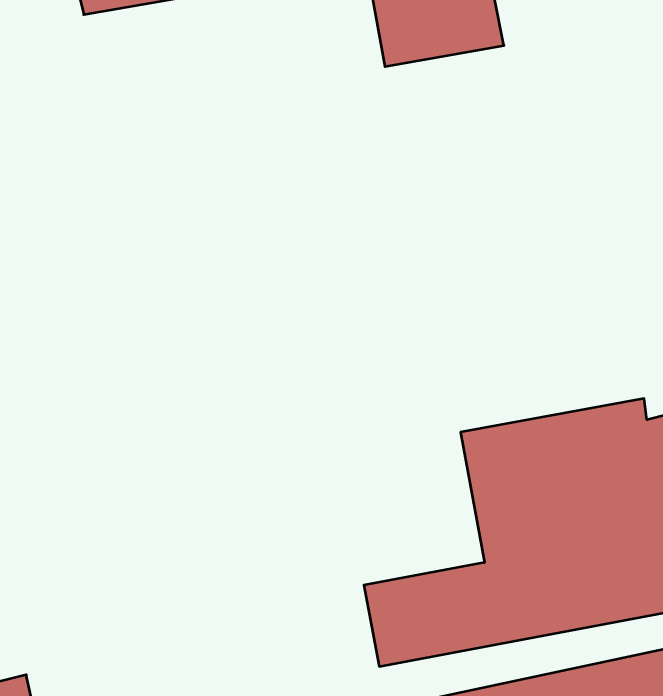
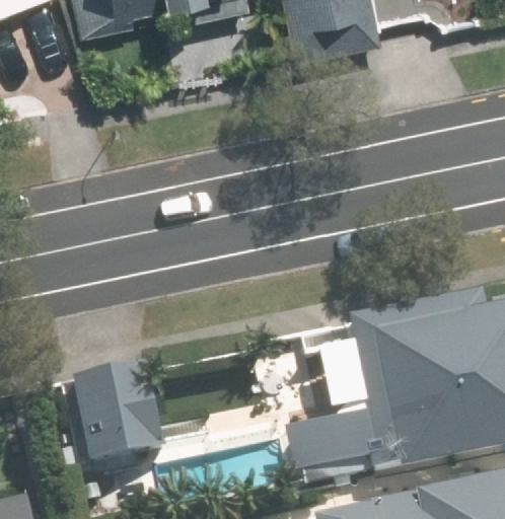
building: none -> [71,359,172,461]

